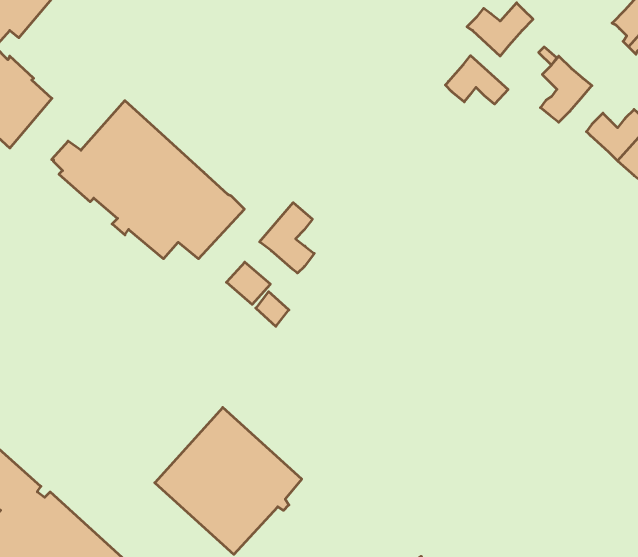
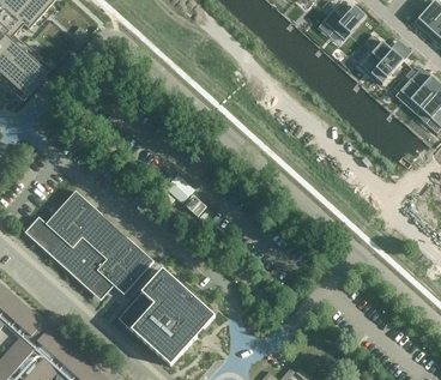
building: [445,56,508,104] -> none
building: [52,101,244,259] -> [26,191,152,294]
building: [260,203,314,273] -> none

